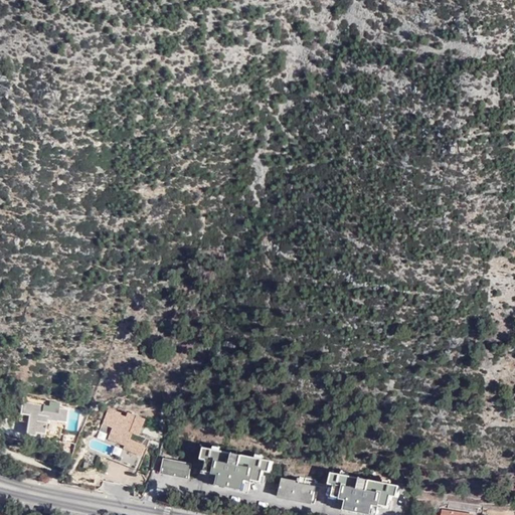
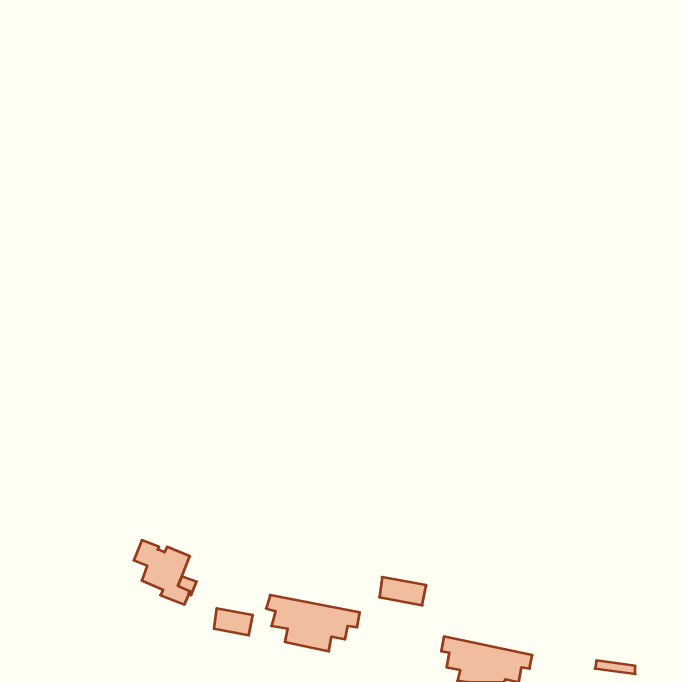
building: [18,399,65,436] -> none
building: [277,480,312,501] -> [379,577,426,605]

